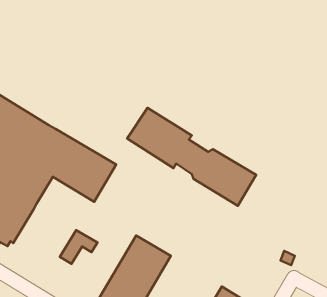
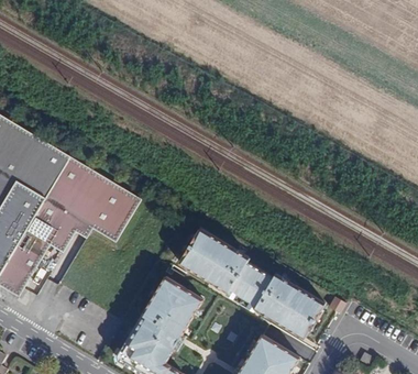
building: [127,108,256,206] -> [177,229,324,341]
building: [60,230,97,264] -> [48,211,91,250]

